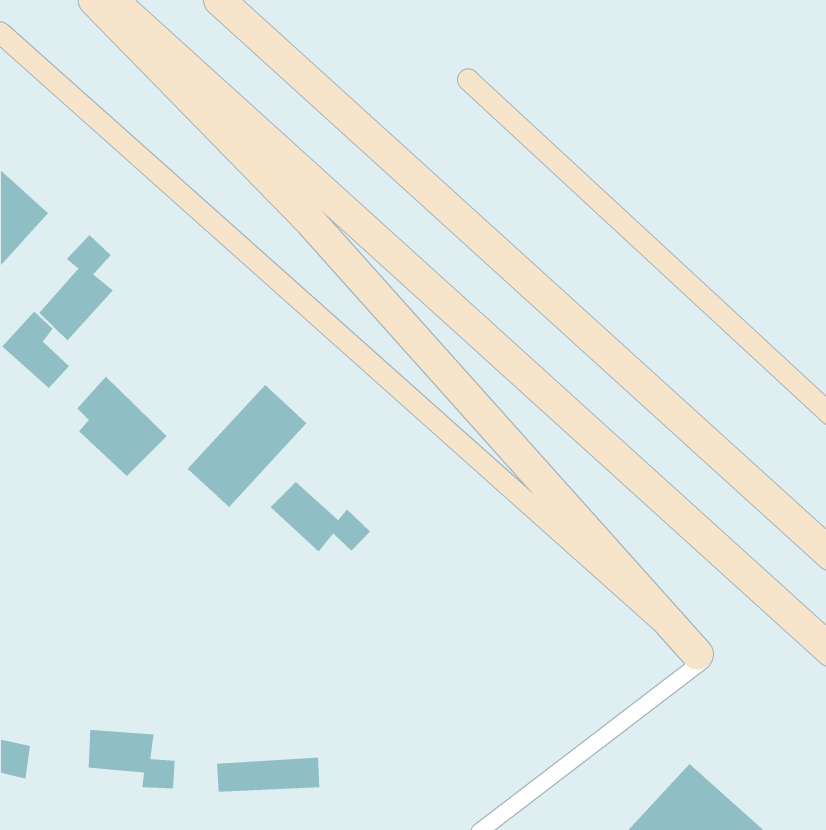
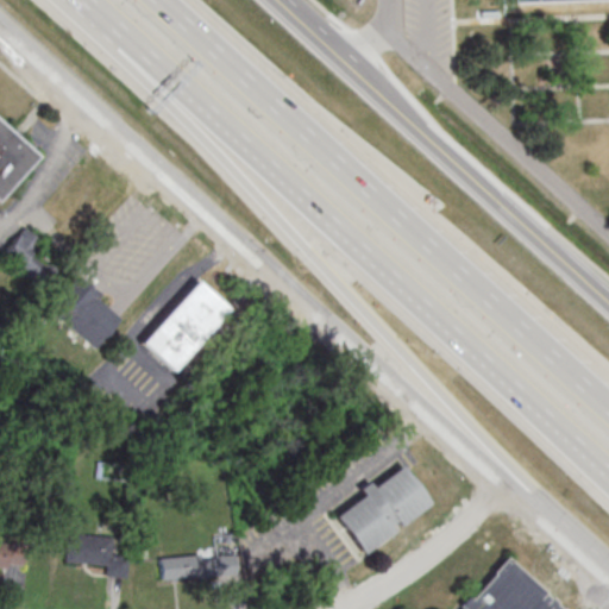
building: [39,234,114,341] -> none
building: [270,481,371,552] -> none
building: none -> [334,465,433,555]

